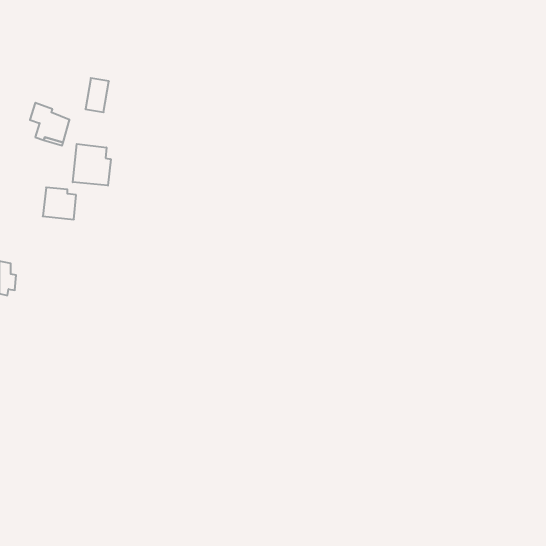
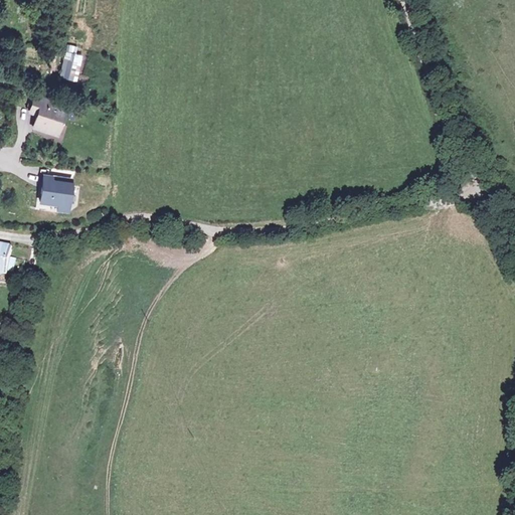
building: [85,78,109,112] -> [59,49,81,81]
building: [73,144,111,186] -> none

